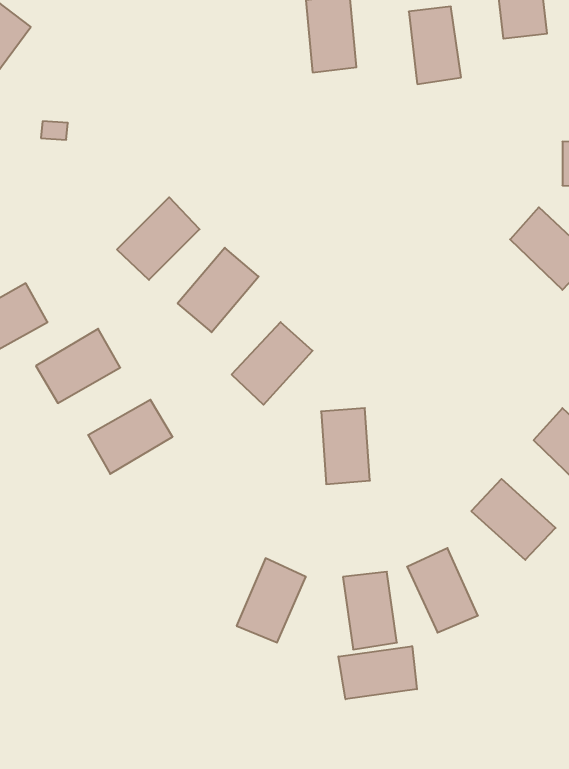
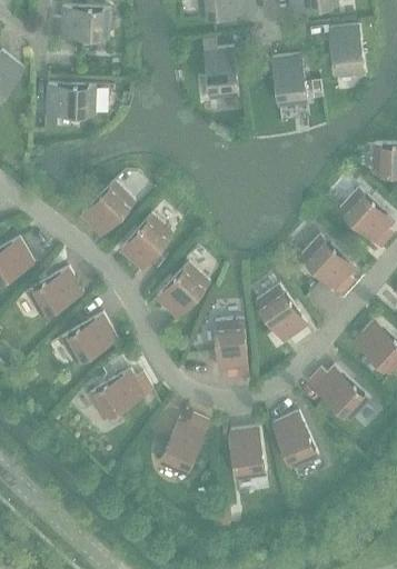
building: none -> [46,83,98,127]
building: none -> [300,236,355,289]
building: none -> [255,286,307,341]
building: none -> [88,370,145,419]
building: [338,646,417,699] -> none

